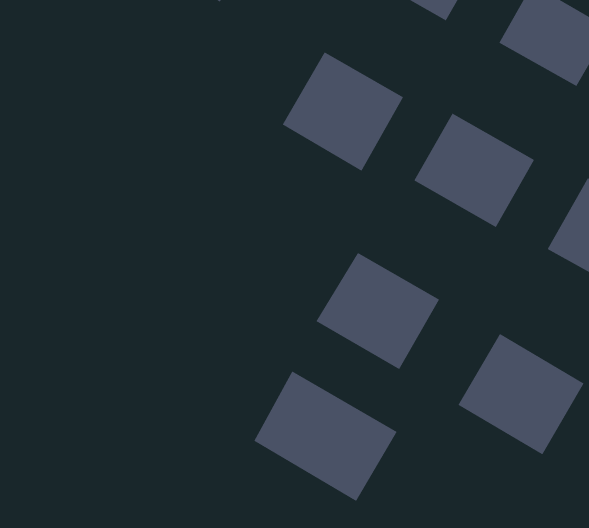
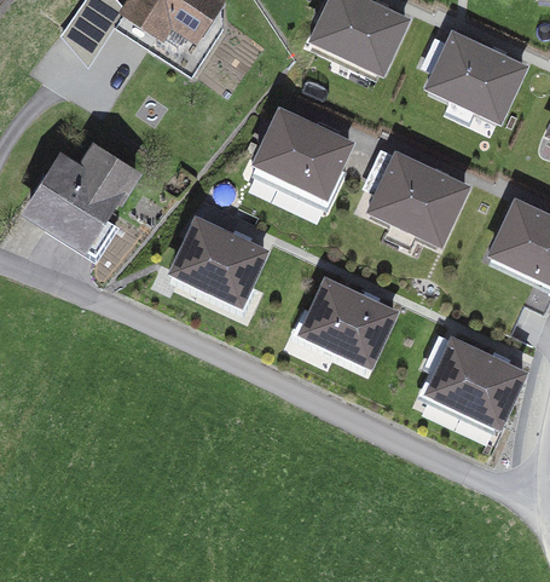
building: none -> [19,142,146,263]
building: none -> [168,217,266,307]
building: [253,370,398,502] -> none

